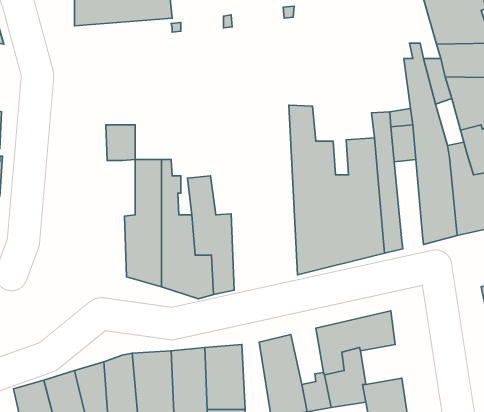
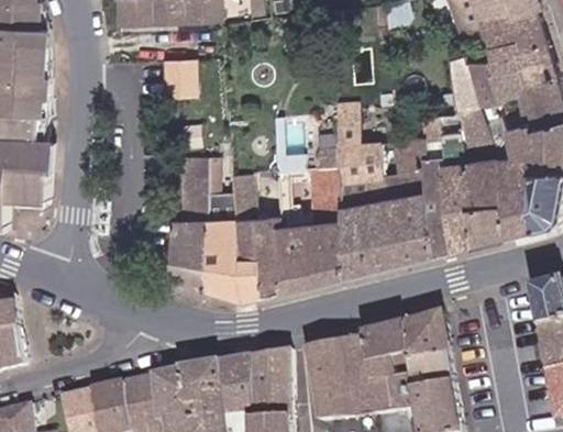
building: none -> [276,108,345,295]
building: [106,125,135,161] -> [164,60,194,97]
building: none -> [443,163,472,245]
building: none -> [339,333,372,390]
building: none -> [409,350,451,390]

